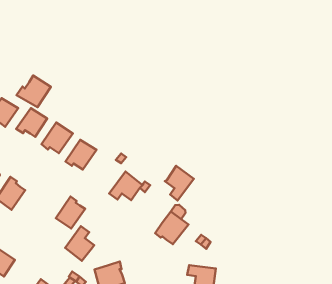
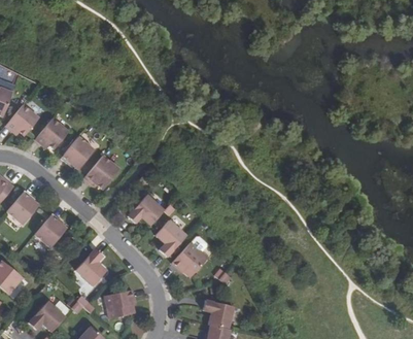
building: [16,75,51,107] -> none
building: [165,166,194,201] -> [156,219,186,257]
building: [56,197,85,229] -> [35,213,67,247]

